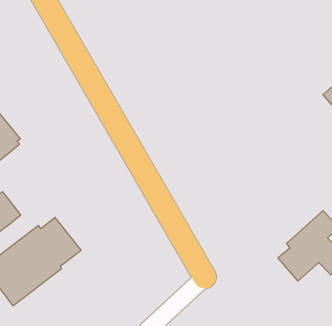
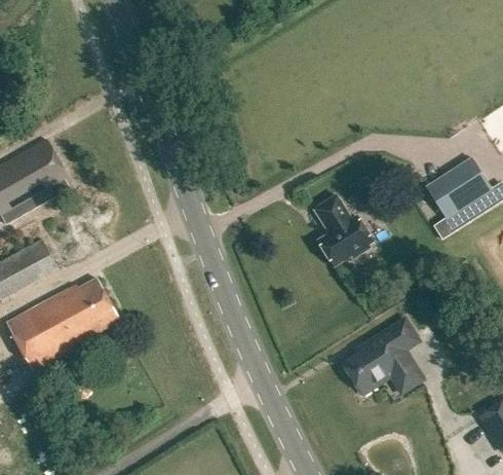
building: none -> [314,196,374,268]

